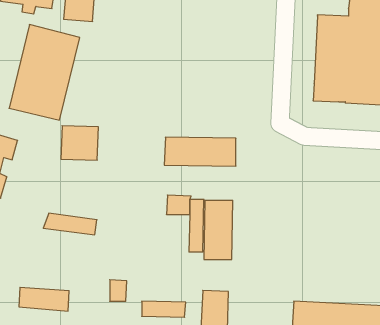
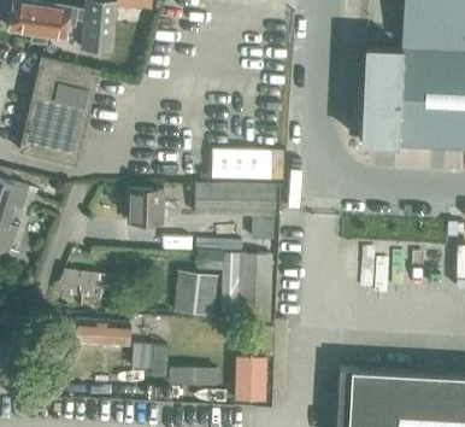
building: none -> [212,150,271,180]
building: [61,126,98,160] -> [125,191,167,229]
building: none -> [173,273,218,317]
building: [19,287,69,311] -> [73,321,130,347]

